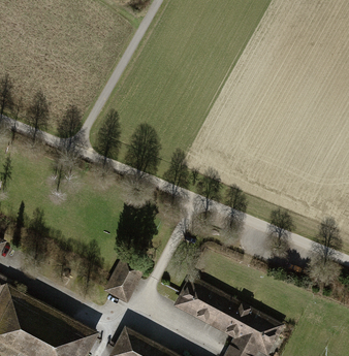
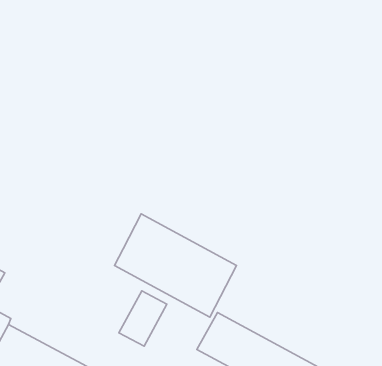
building: none -> [114,214,237,317]

